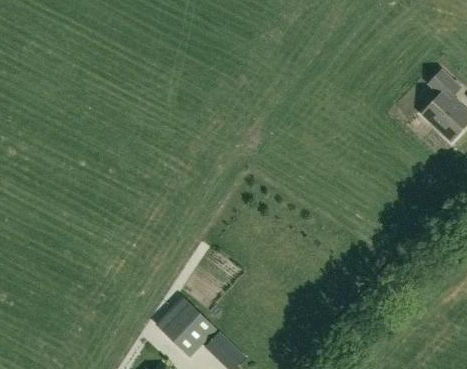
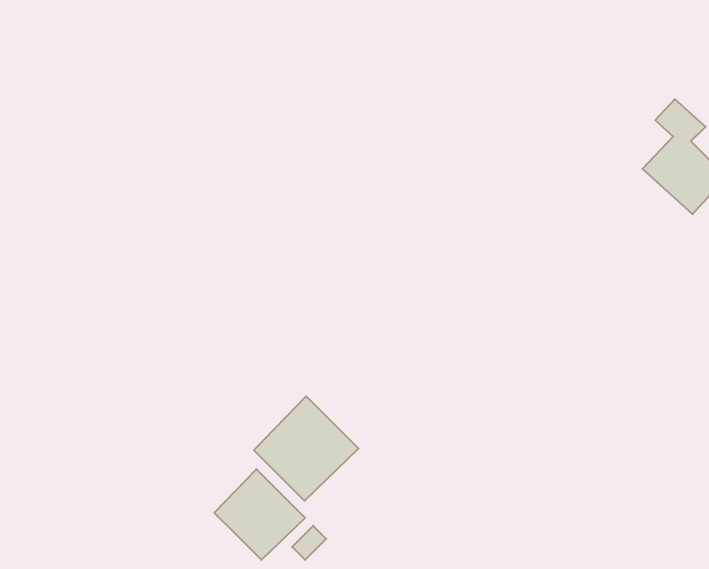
building: none -> [254,396,359,501]

